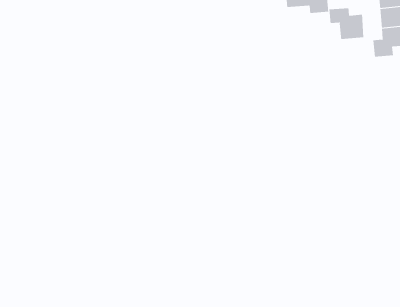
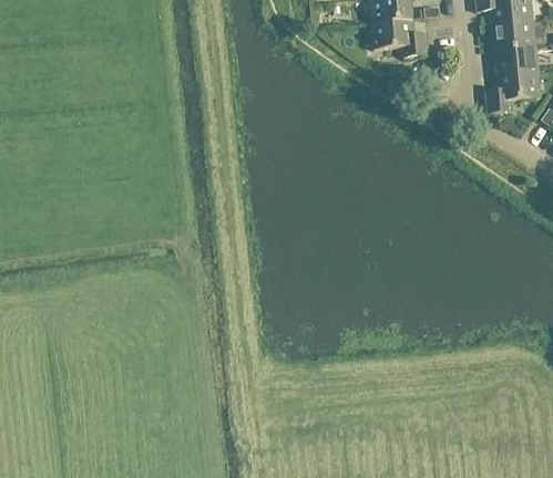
building: [329,7,364,40] -> none

